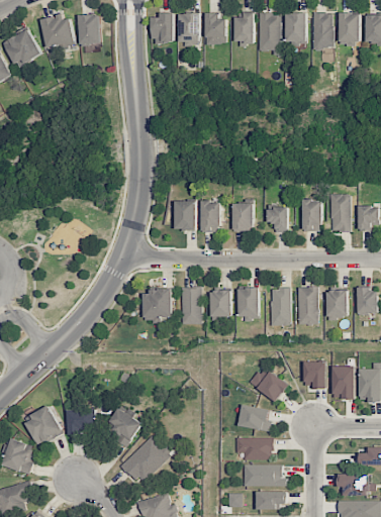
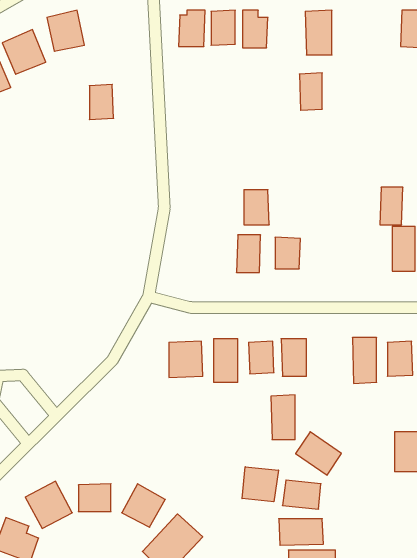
building: [285,13,306,42] -> none
building: [312,13,332,49] -> none
building: [234,14,254,45] -> [299,73,322,110]
building: [80,15,100,44] -> [89,84,114,120]
building: [302,200,321,231] -> [380,187,403,225]
building: [175,201,196,230] -> [244,190,269,225]
building: [267,207,288,231] -> none
building: [270,288,290,325] -> [271,395,295,440]
building: [304,361,326,388] -> none
building: none -> [242,467,278,502]

